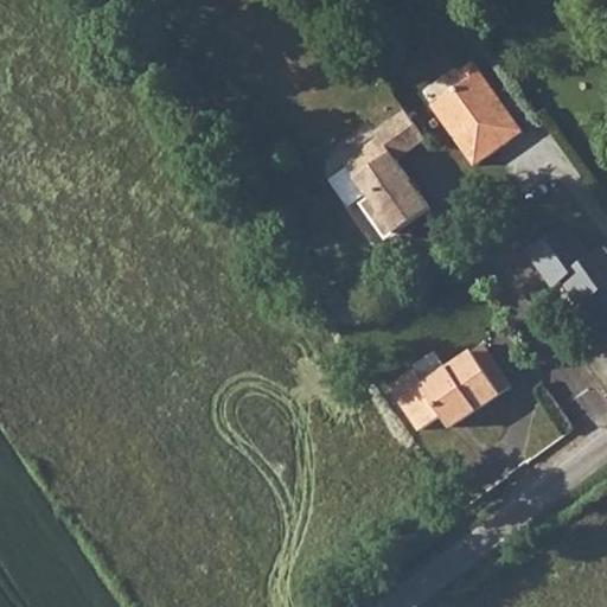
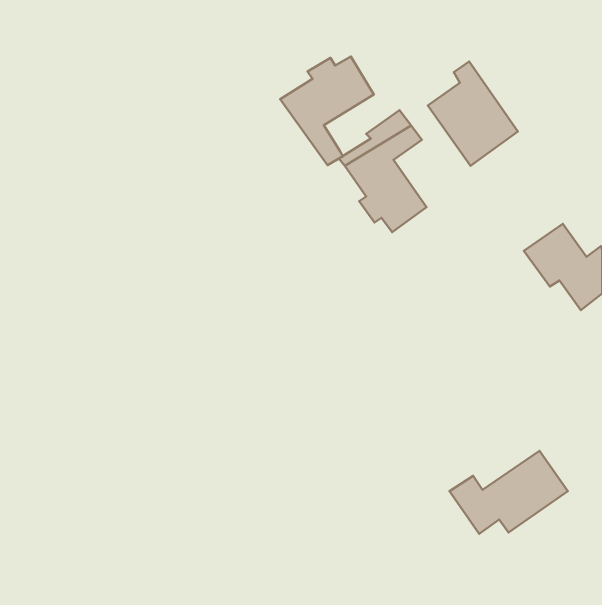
building: none -> [280,56,374,165]
building: [389,345,507,428] -> [449,451,568,534]

